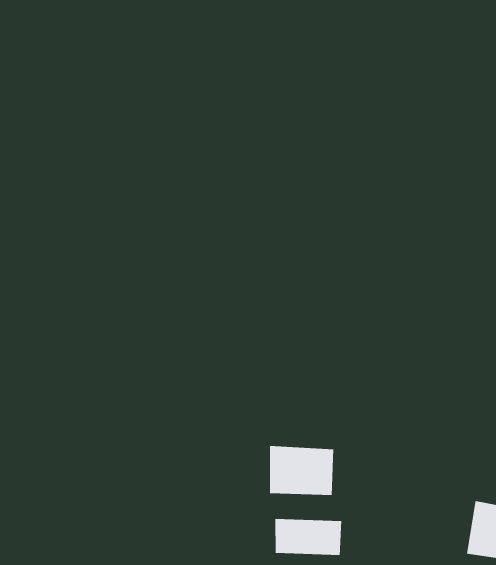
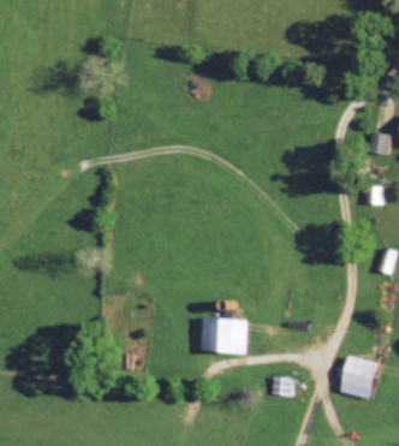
building: [275,518,342,556] -> none

